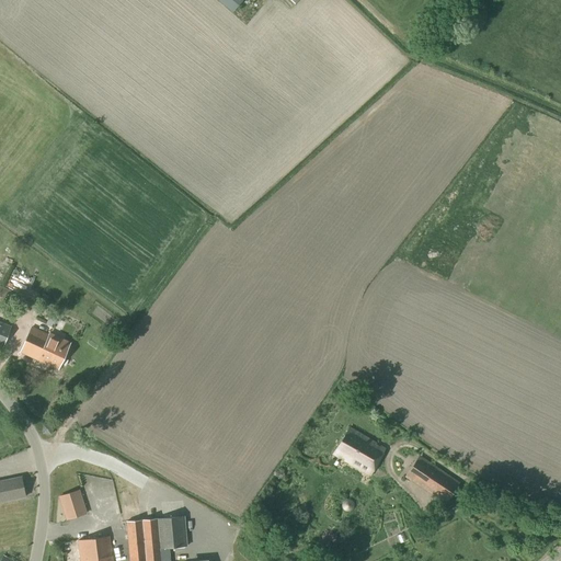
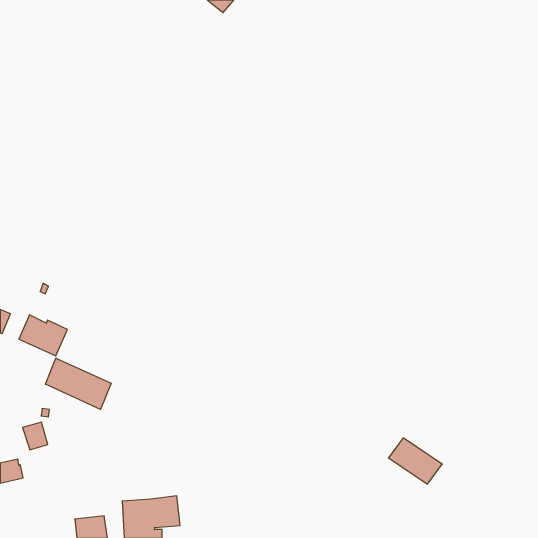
building: none -> [45,358,111,409]
building: [334,428,385,476] -> none
building: [59,491,85,519] -> [23,422,48,450]

